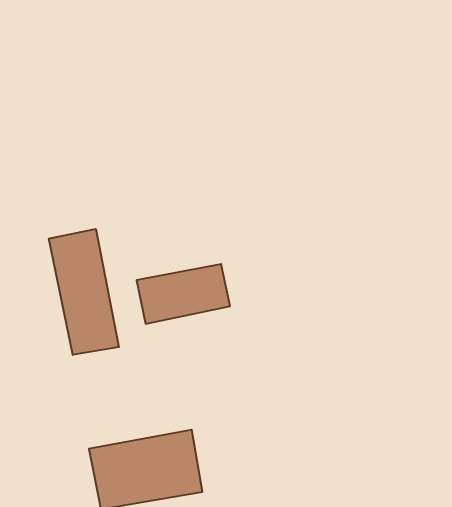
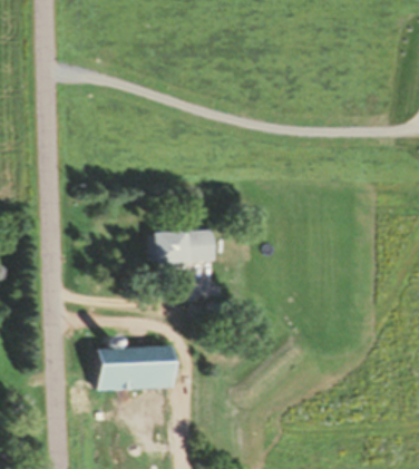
building: [49,229,119,355] -> none

